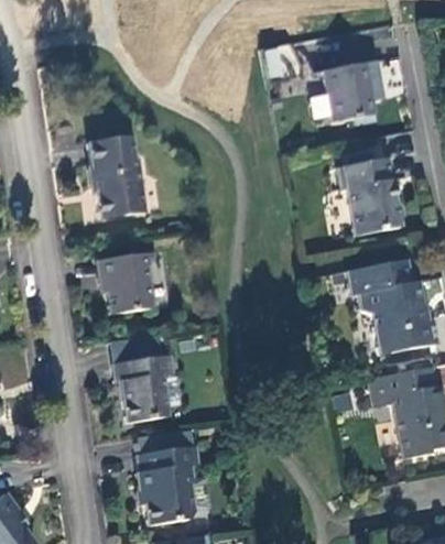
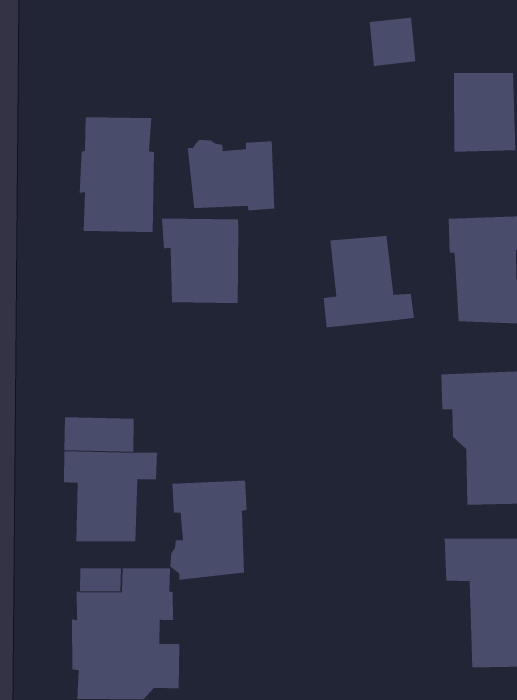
building: none -> [187,139,275,211]
building: none -> [323,235,414,328]
building: [96,251,155,313] -> [161,218,239,303]
building: none -> [170,480,247,580]

